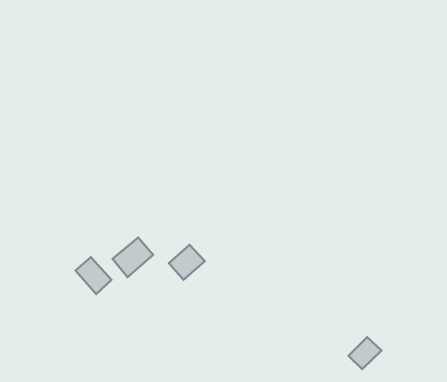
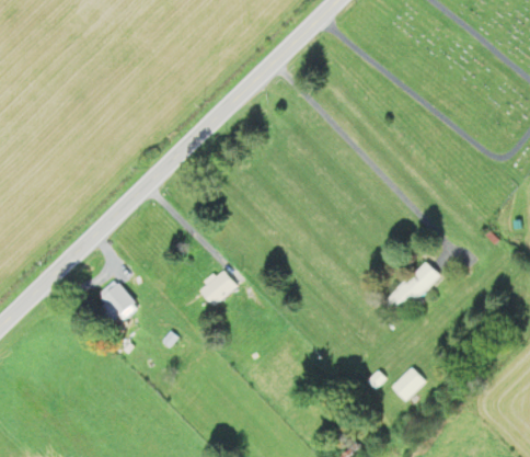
building: none -> [383,260,441,318]
building: [113,238,153,277] -> none

